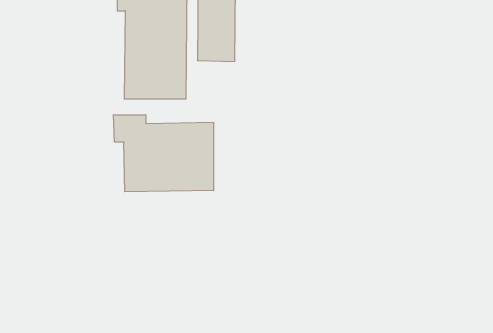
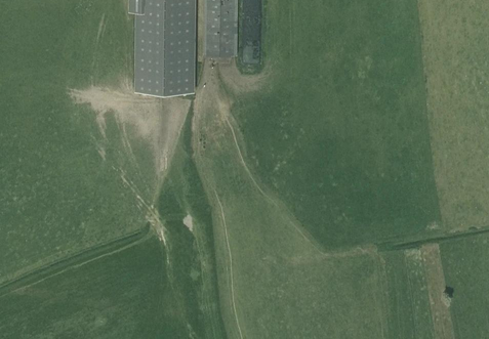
building: [113,115,214,192] -> none

